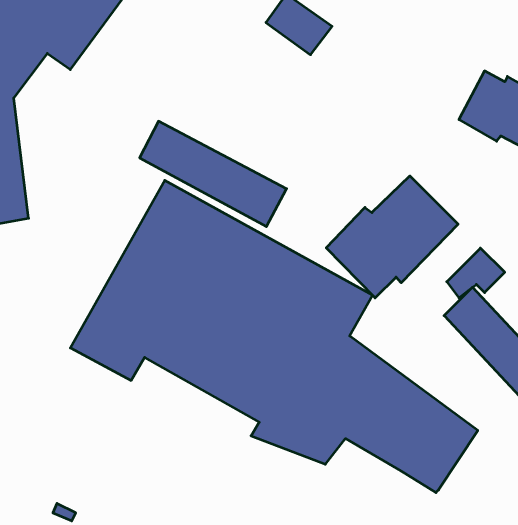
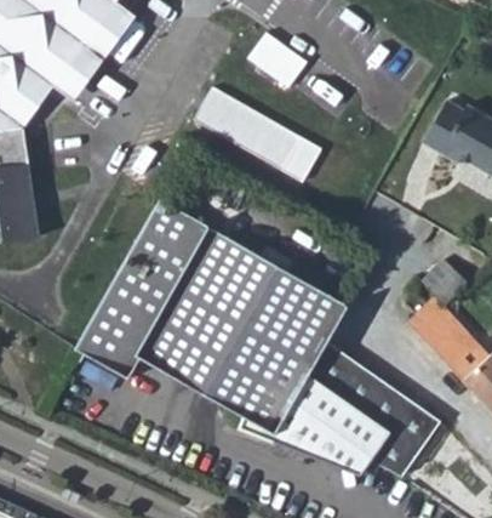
building: [140,121,287,227] -> [191,89,324,183]
building: [326,176,458,298] -> none
building: none -> [304,431,372,477]

